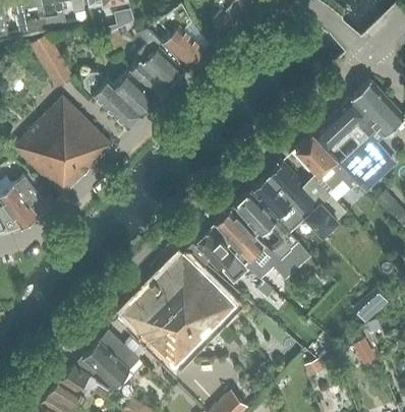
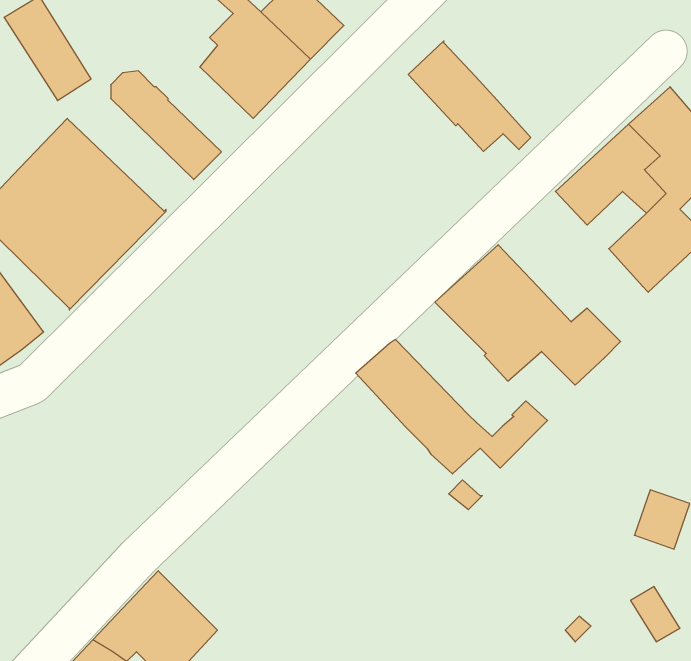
building: [114,72,158,115] -> none
building: [295,134,358,191] -> [408,41,531,151]
building: [234,193,298,261] -> none
building: [194,229,249,285] -> none
building: [121,254,237,369] -> none

